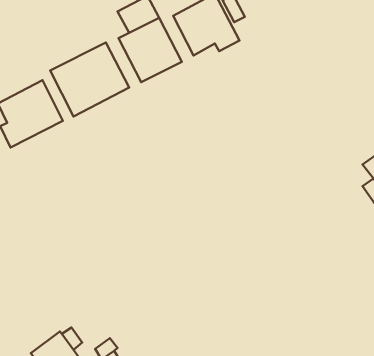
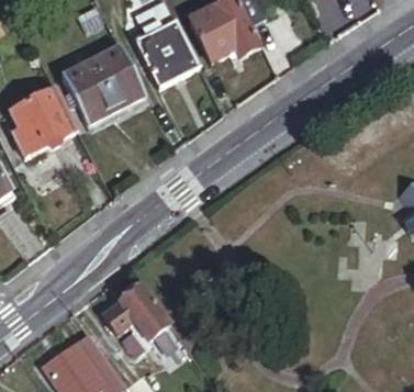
building: none -> [92,287,178,349]

